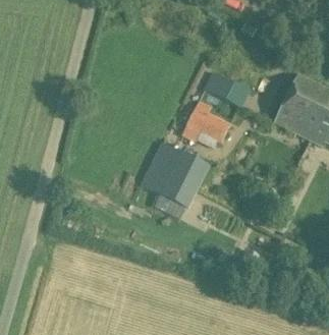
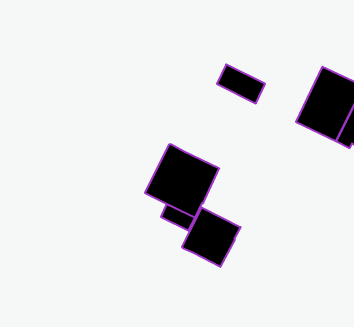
building: [187,99,232,143] -> none
building: none -> [182,208,241,267]

